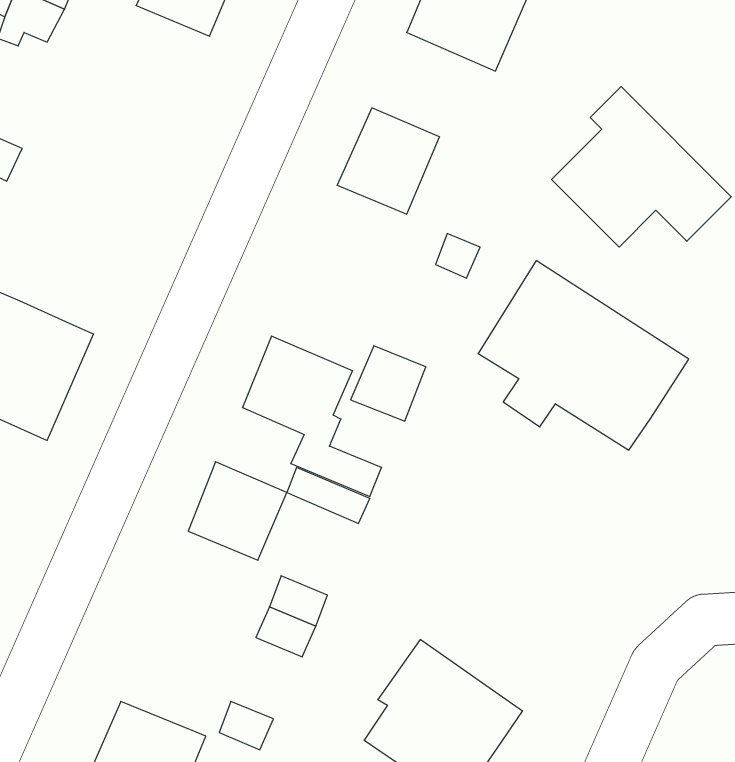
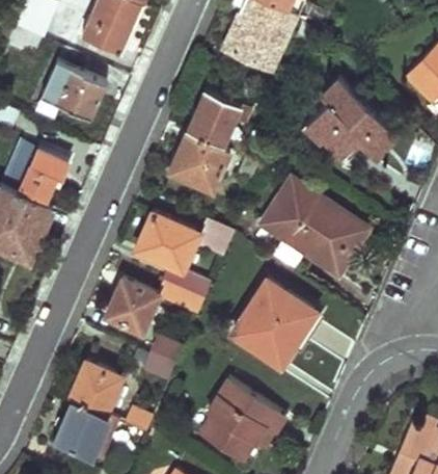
building: none -> [38,64,101,120]
building: none -> [168,133,229,192]
building: none -> [11,143,71,209]
building: none -> [236,279,316,362]
building: none -> [65,366,126,426]

